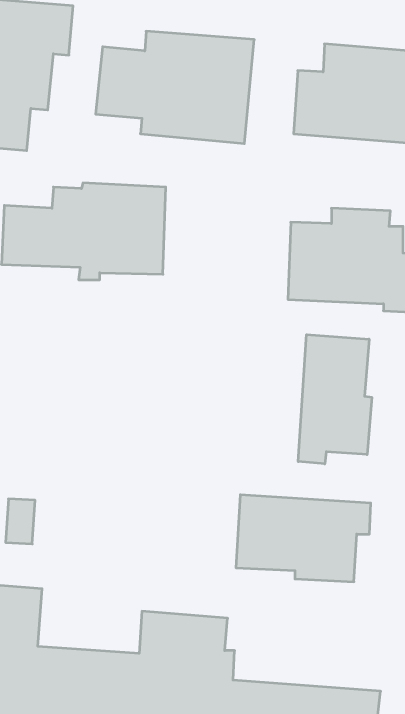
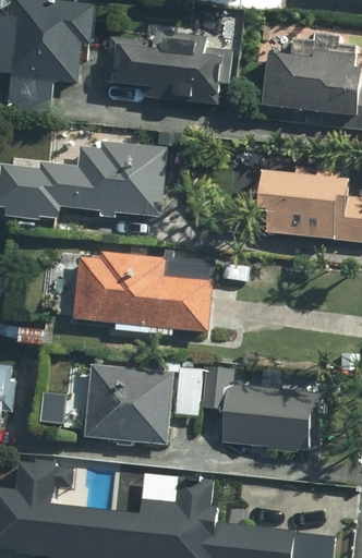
building: none -> [71,252,212,332]
building: [298,335,372,464] -> none
building: none -> [86,363,212,439]

